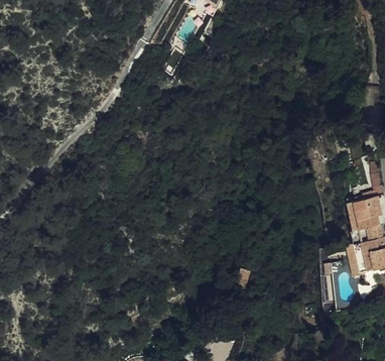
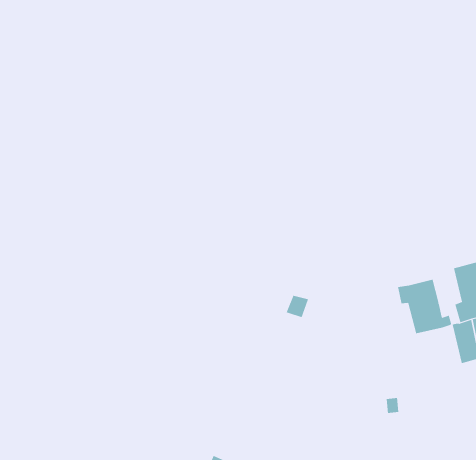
building: none -> [398,279,452,334]

